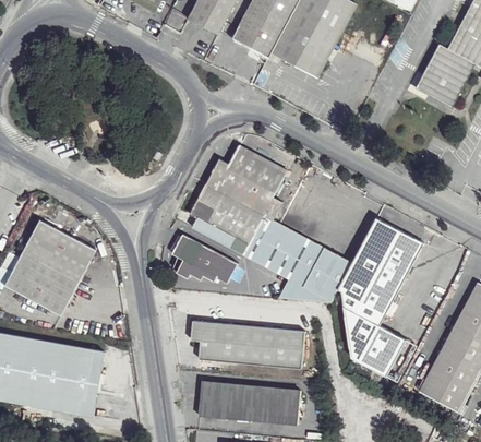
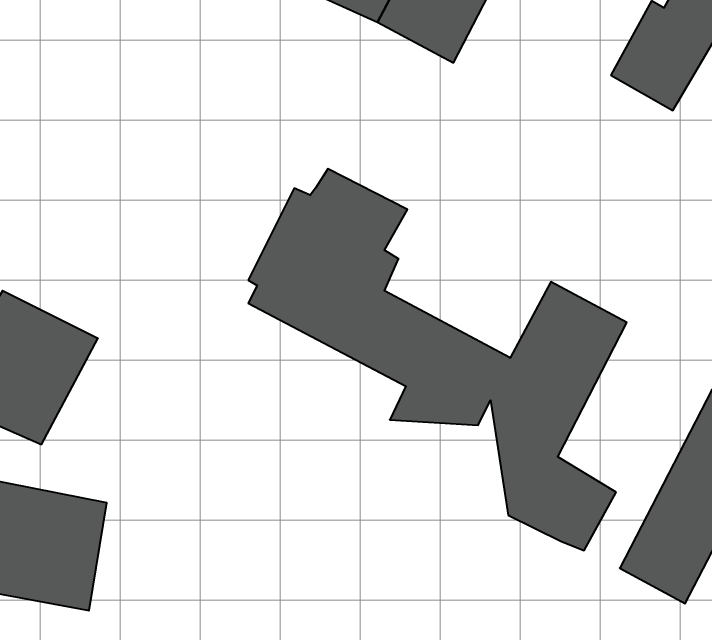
building: [172,231,237,285] -> none
building: [193,319,302,367] -> none
building: [200,379,299,423] -> none

